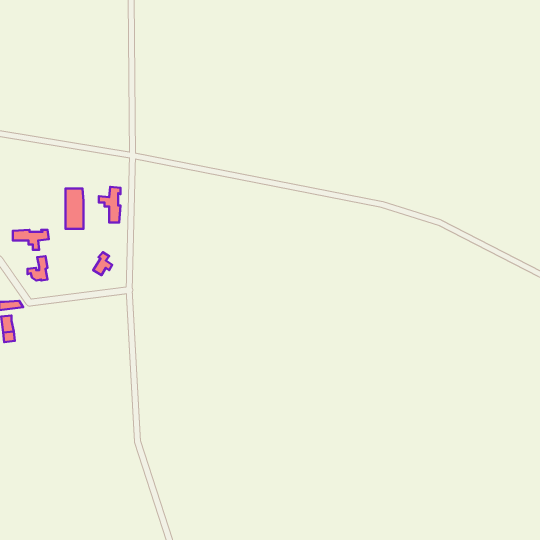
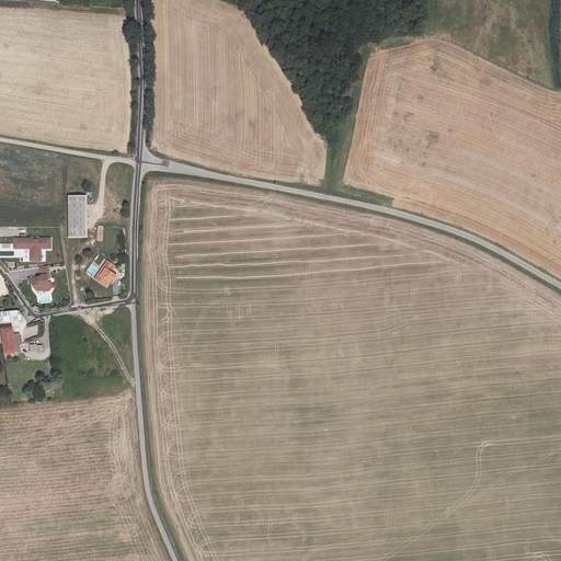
building: [99,187,120,222] -> none

